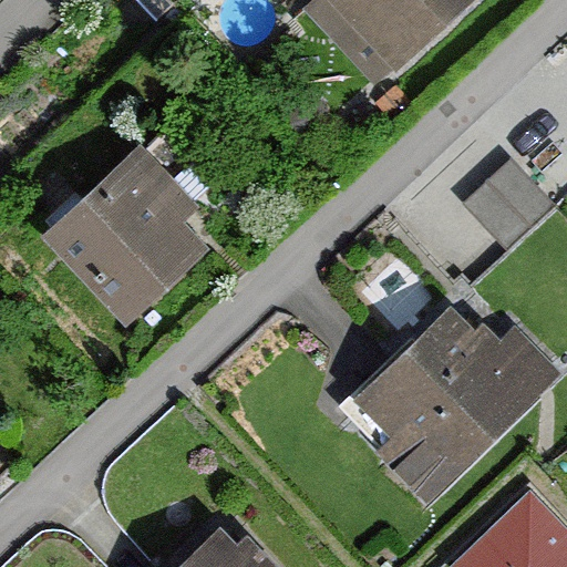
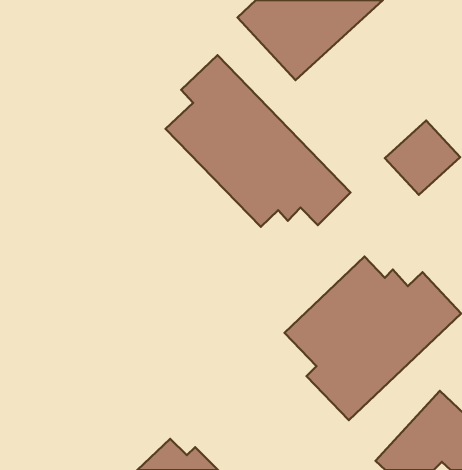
building: none -> [166,55,351,227]
building: [39,144,207,330] -> none

